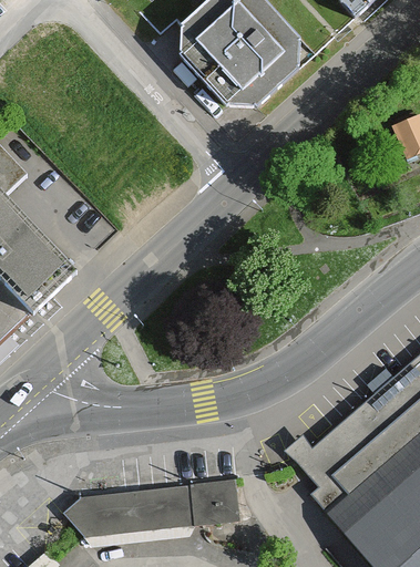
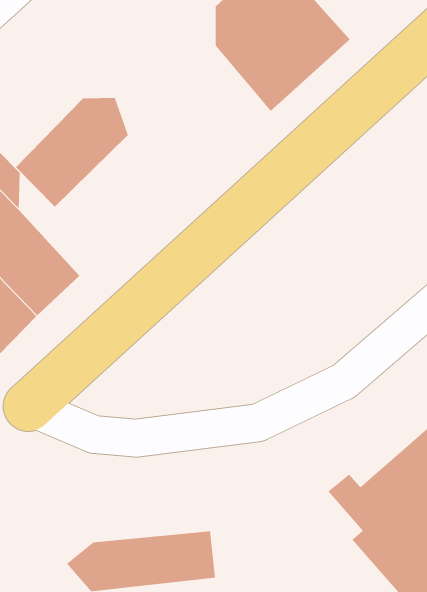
building: none -> [15,97,128,208]
building: [188,481,242,527] -> none

